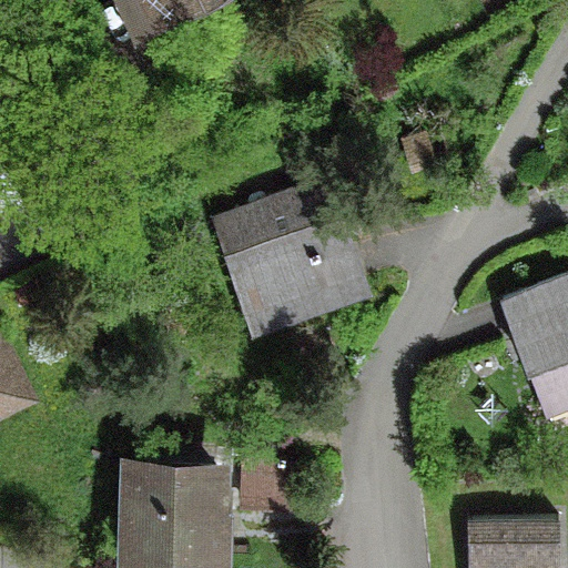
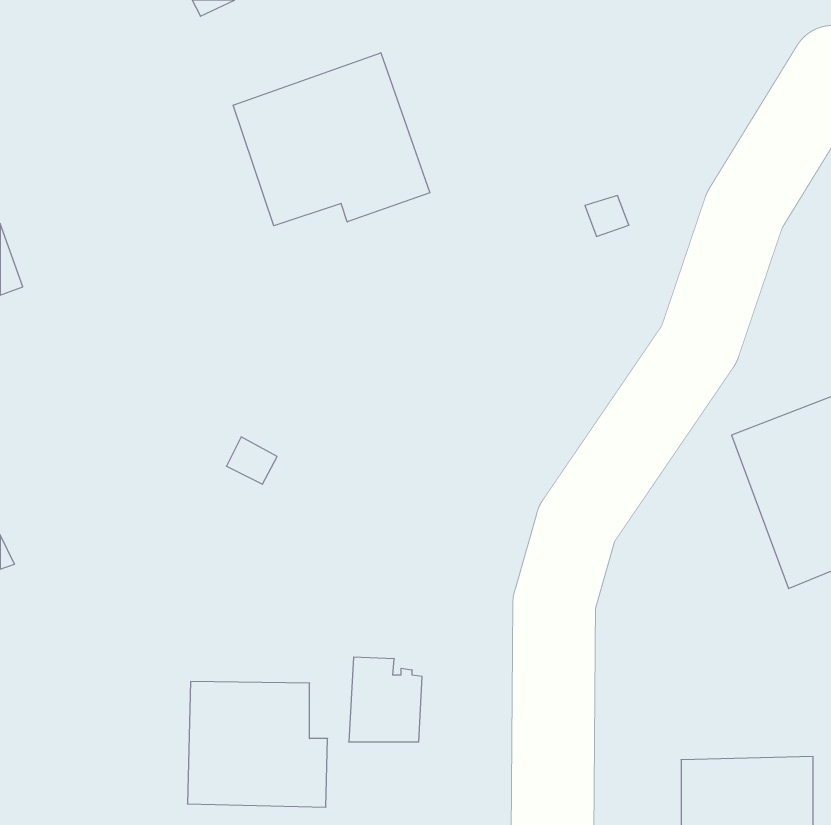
building: none -> [233,53,430,226]
building: [219,187,357,324] -> none

